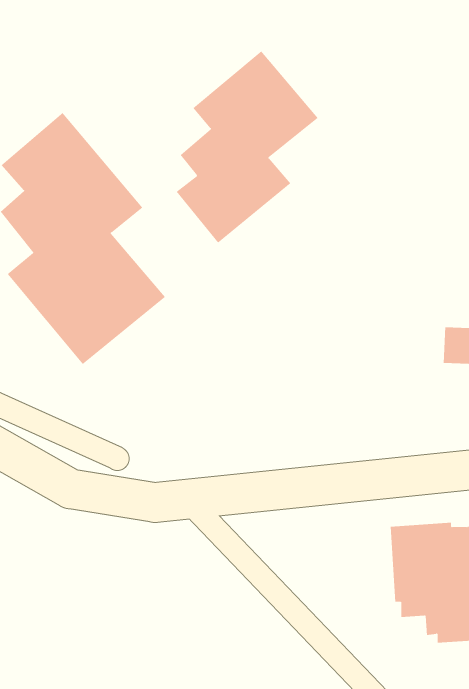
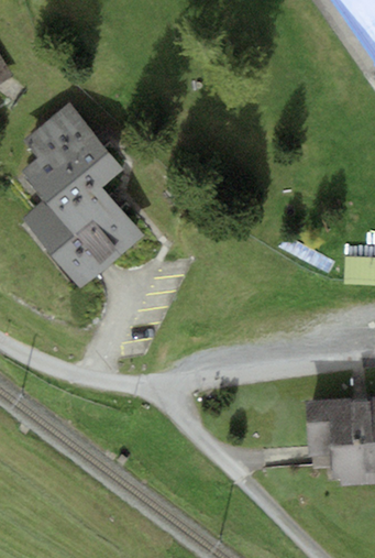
building: [176,51,318,243] -> none

